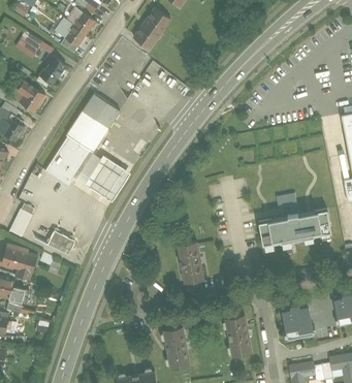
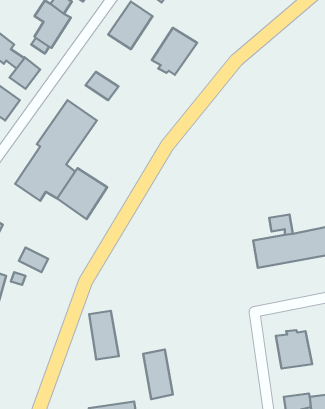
building: none -> [152,28,197,75]
building: [175,238,202,283] -> [89,311,119,360]
building: [222,311,250,355] -> none

